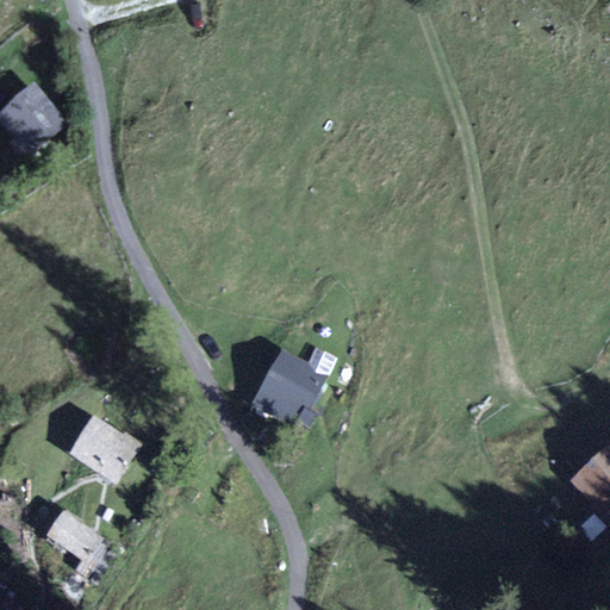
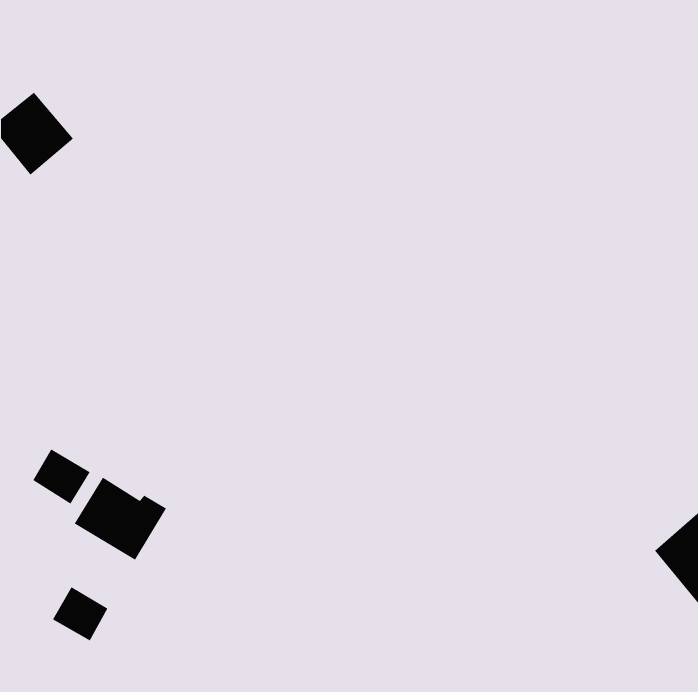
building: [249,346,340,429] -> none
building: none -> [32,448,90,504]

